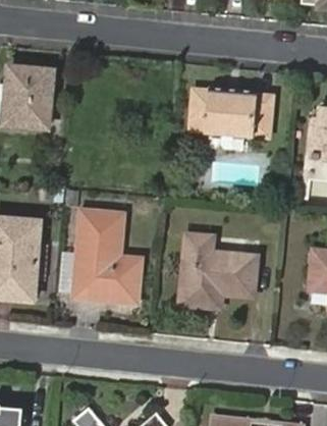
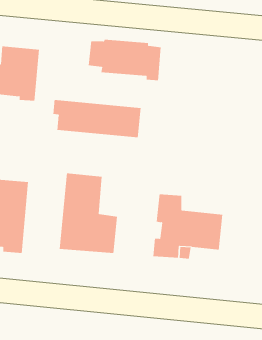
building: [193,90,275,137] -> [88,39,161,81]
building: none -> [53,99,141,138]

